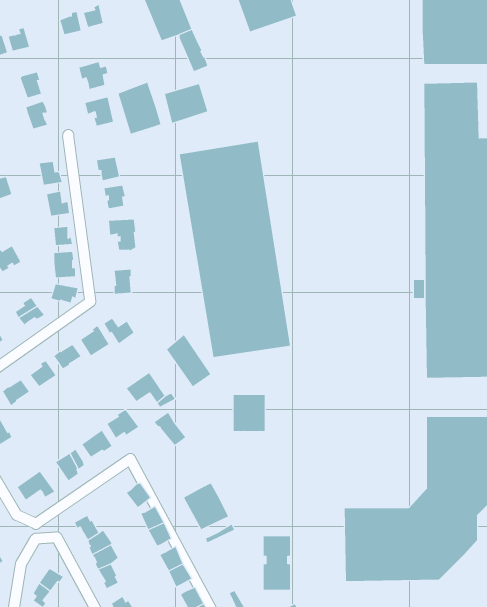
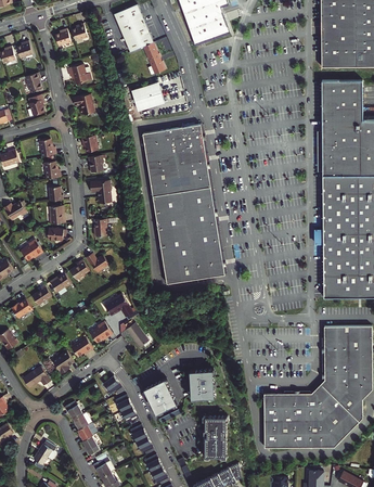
building: [118,82,161,135] -> none
building: [166,334,211,387] -> none
building: [233,395,265,431] -> [190,370,214,397]

